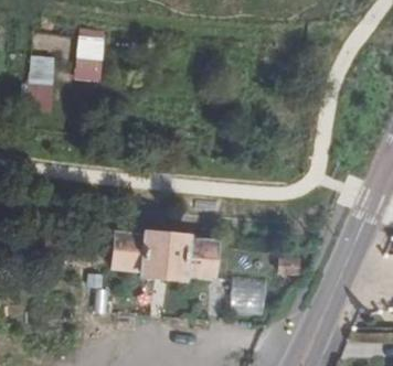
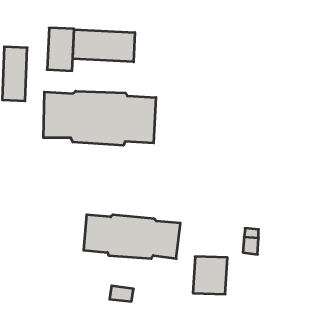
building: none -> [73,29,135,62]
building: none -> [43,91,156,145]

